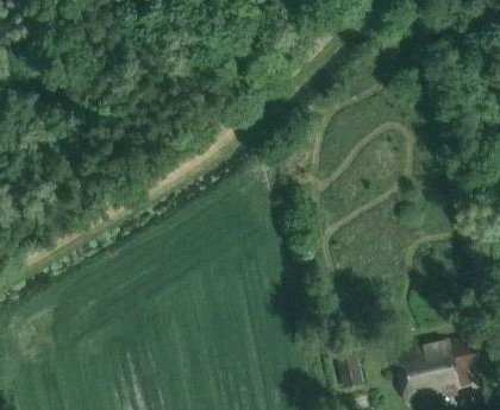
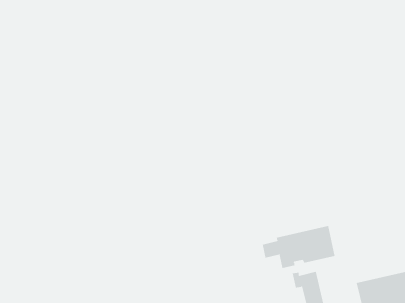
building: none -> [262,225,335,269]

